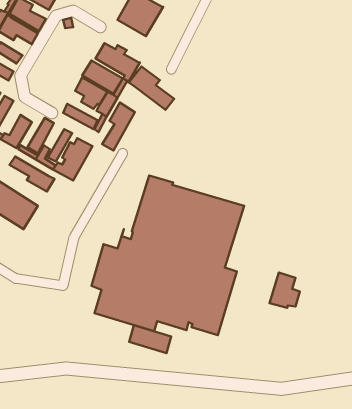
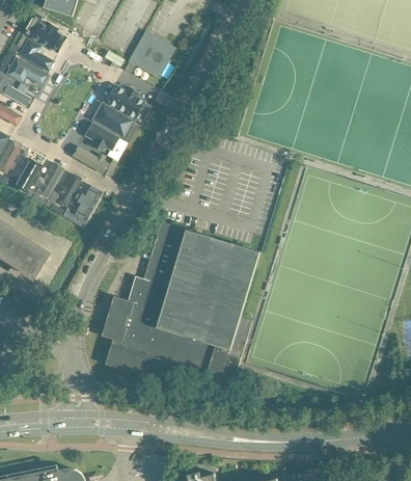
building: [129,67,174,110] -> none
building: [102,103,135,150] -> none
building: [10,156,55,191] -> none
building: [270,273,300,308] -> none
building: [129,325,171,353] -> none

